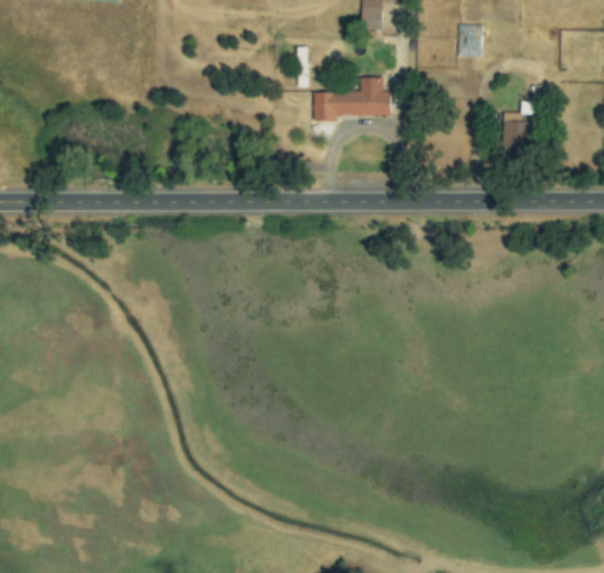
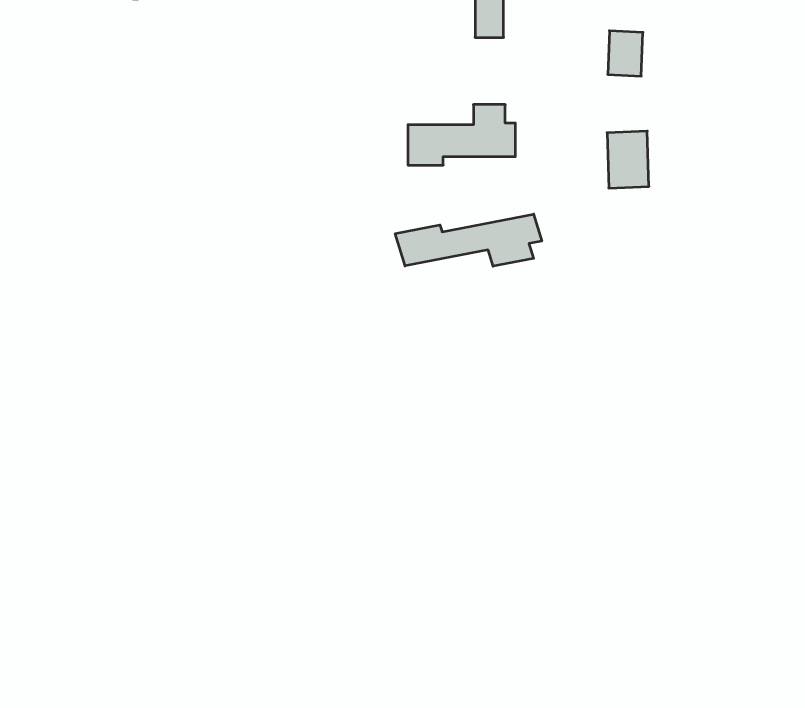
building: [501,113,531,154] -> [607,131,649,188]
building: none -> [395,214,542,266]

